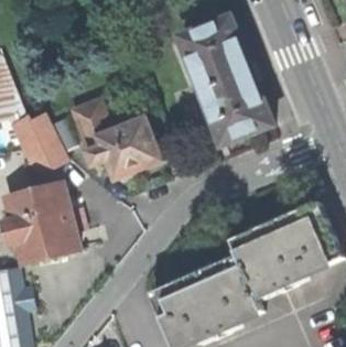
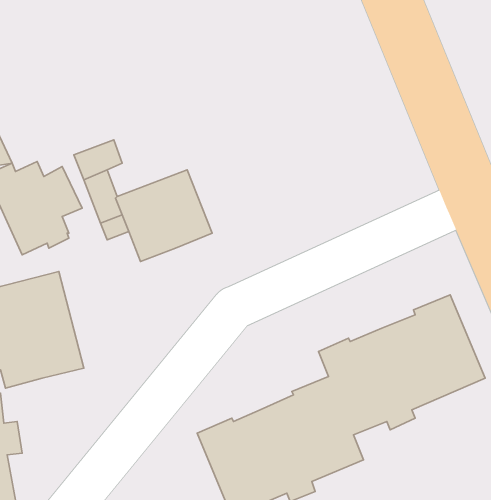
building: [180,17,272,143] -> none

